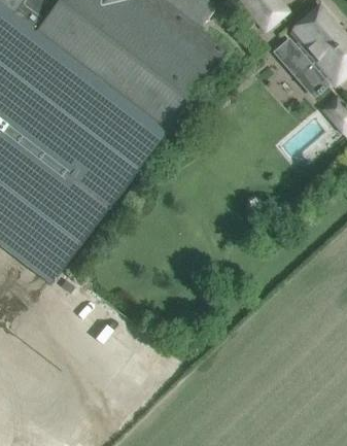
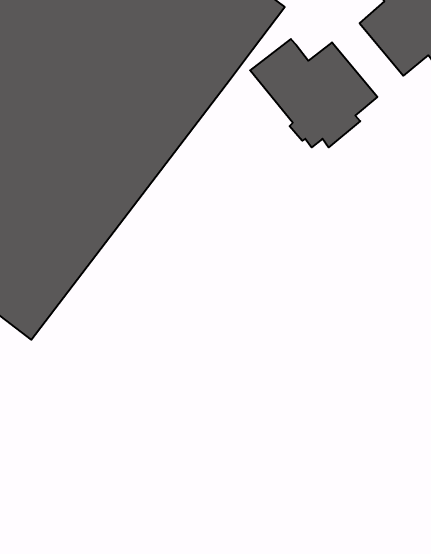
building: none -> [250,39,377,147]

